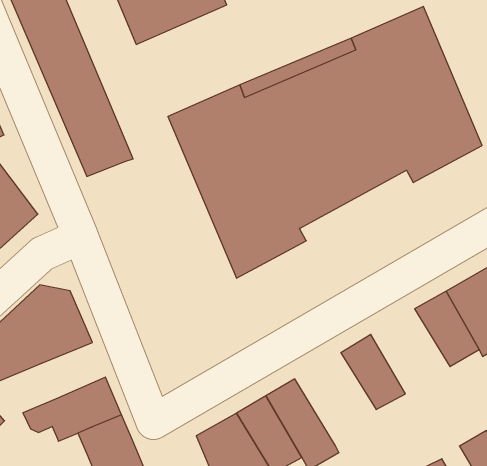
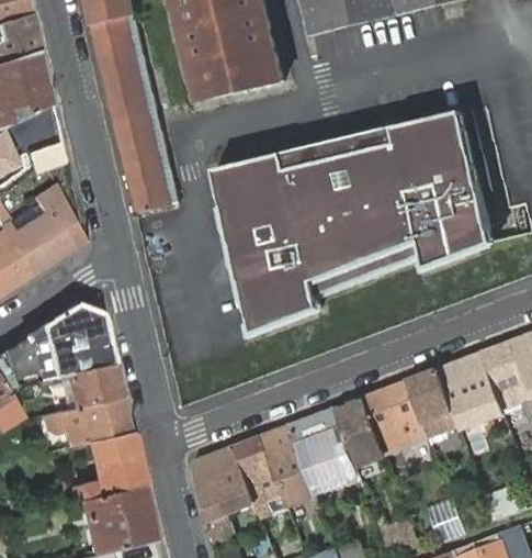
building: none -> [364,379,430,454]
building: none -> [66,361,121,406]
building: none -> [290,408,361,490]

